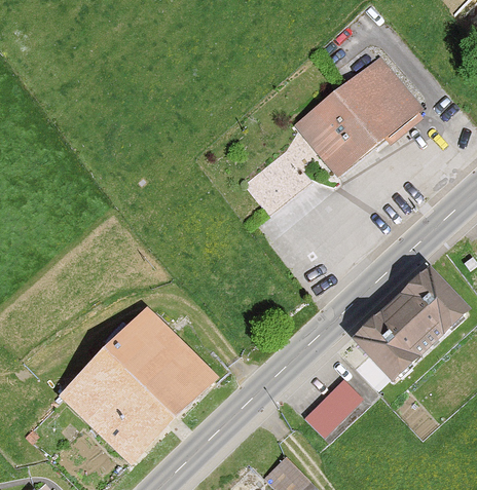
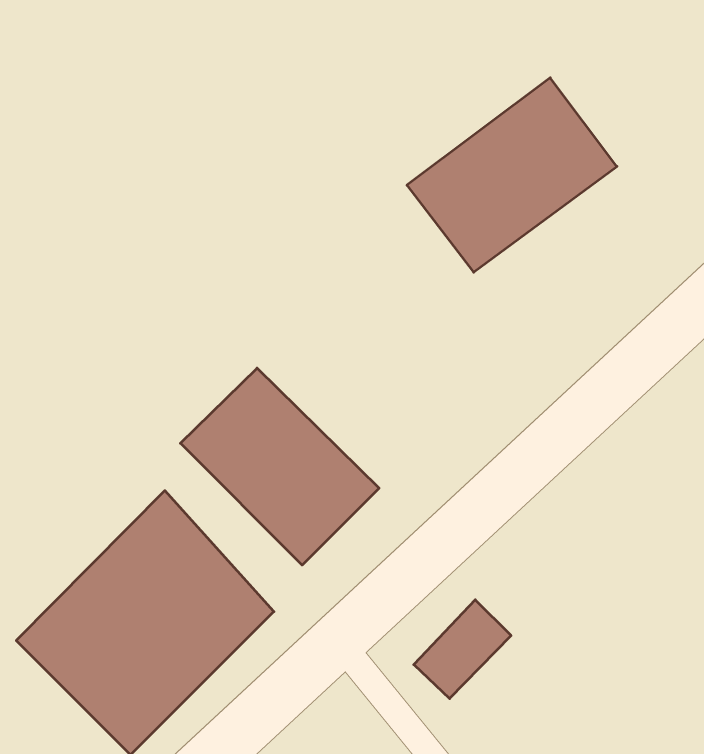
building: none -> [180,368,379,565]
building: [351,267,465,378] -> none

